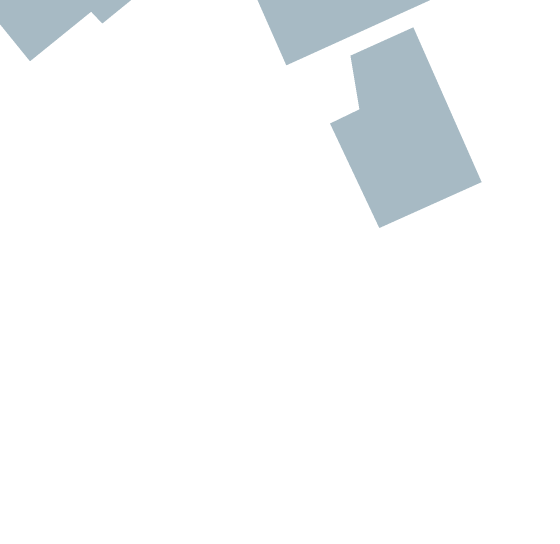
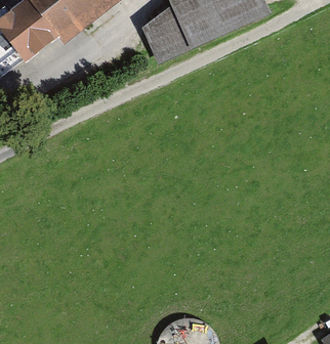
building: [329,26,483,229] -> none

